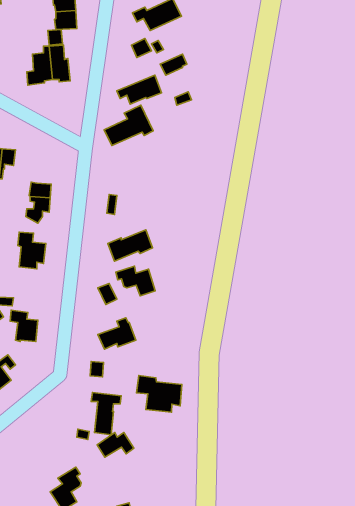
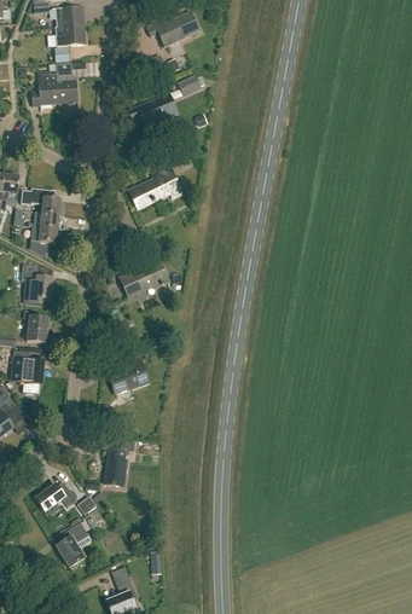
building: [104,105,153,145] -> [128,164,181,208]
building: none -> [19,187,59,213]
building: [116,266,155,296] -> none
building: none -> [23,311,47,341]
building: [137,376,182,412] -> none
building: [97,433,134,457] -> [35,483,75,510]

